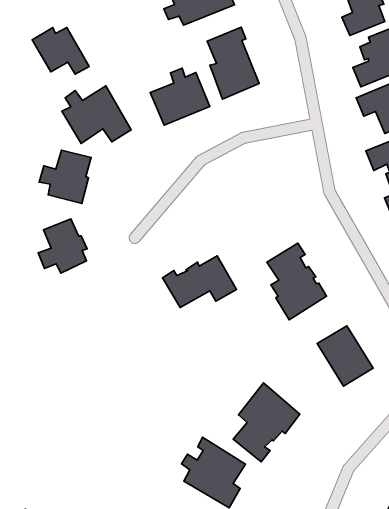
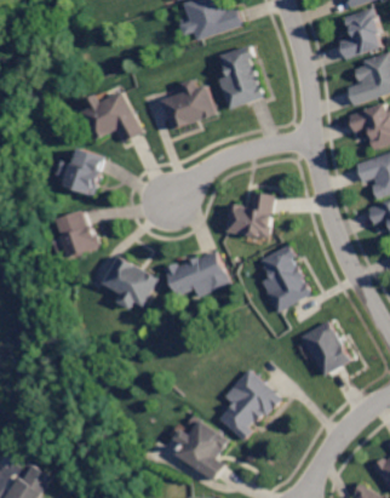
building: [32,27,89,74] -> none
building: none -> [223,193,274,239]
building: none -> [101,257,157,310]

